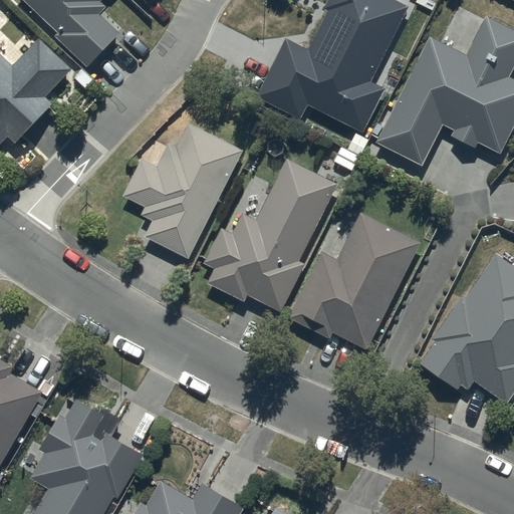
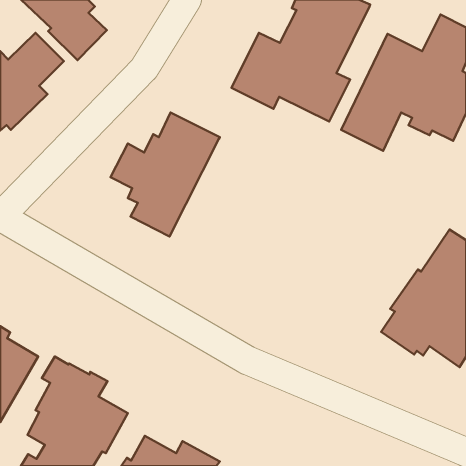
building: [203,158,335,314] -> none
building: [287,211,421,349] -> none

